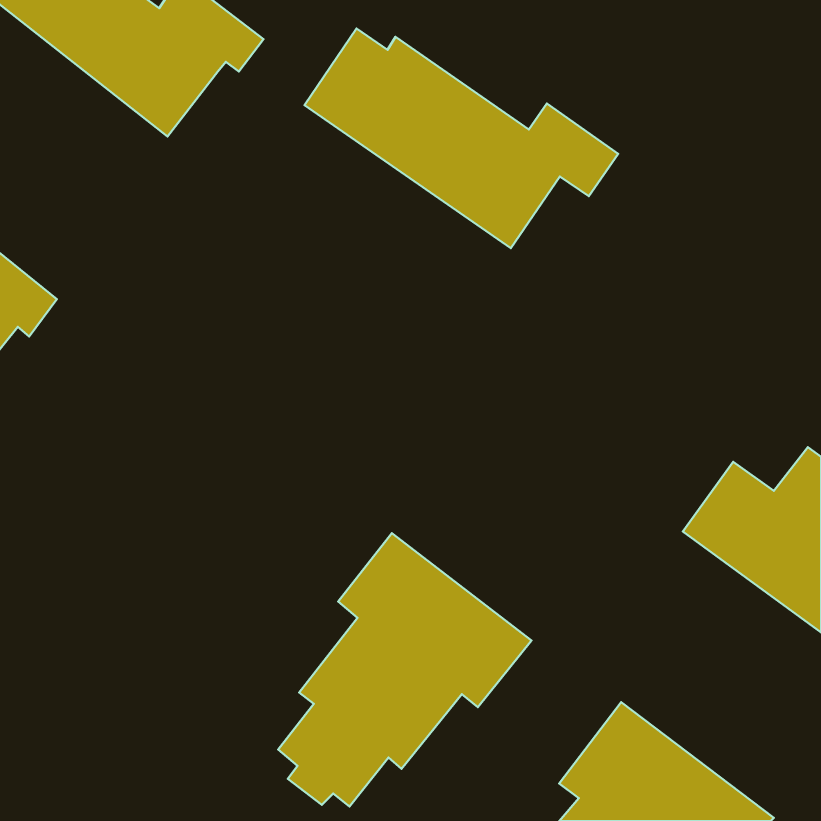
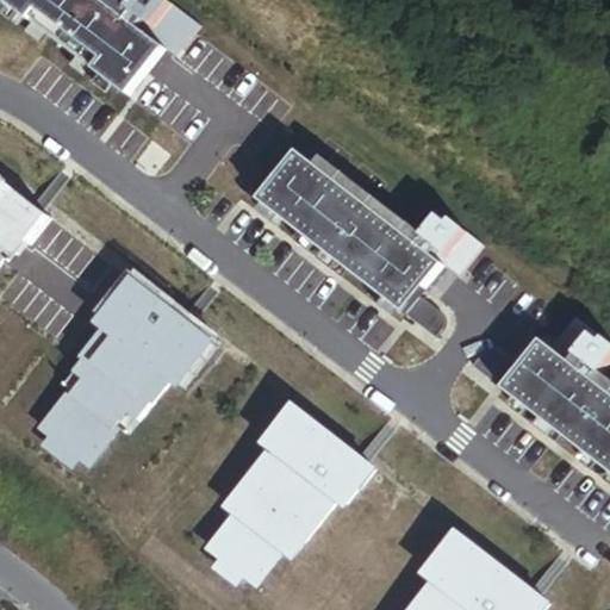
building: [304,29,618,248] -> [253,151,483,312]
building: none -> [38,285,204,466]

